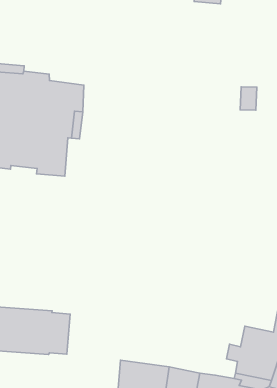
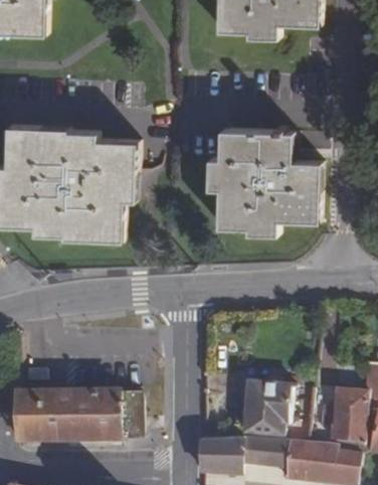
building: none -> [203,124,315,224]
building: none -> [243,383,293,437]

